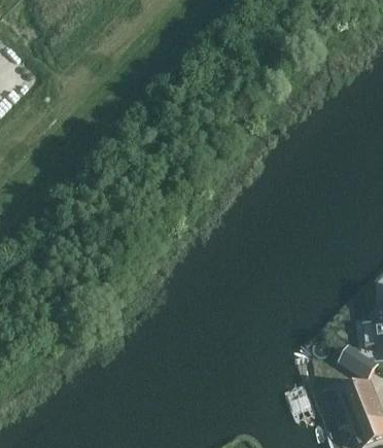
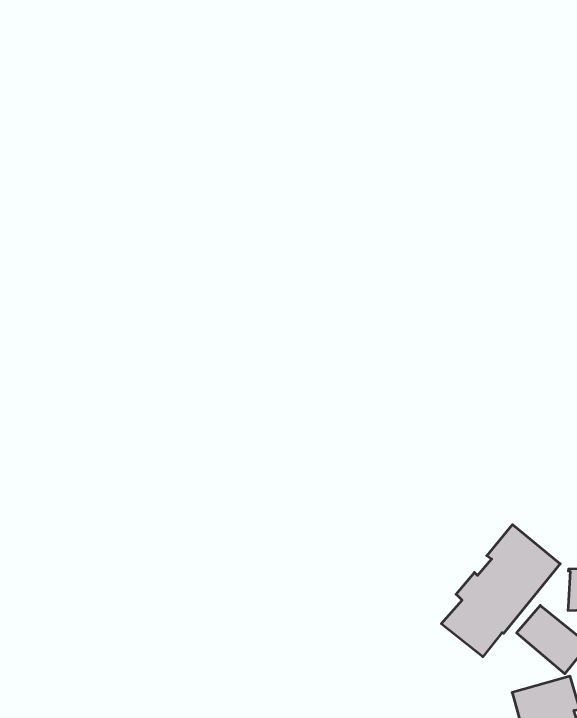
building: none -> [441,525,560,657]

